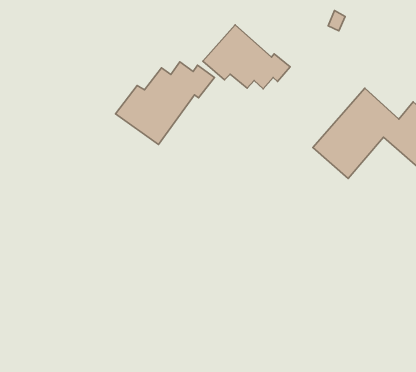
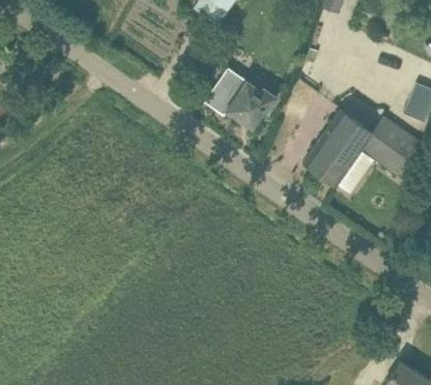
building: [115,62,214,144] -> none

